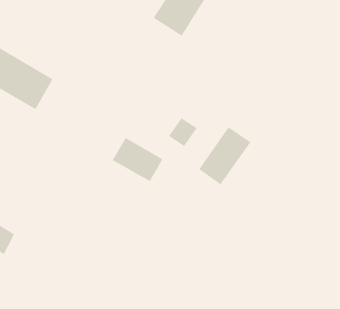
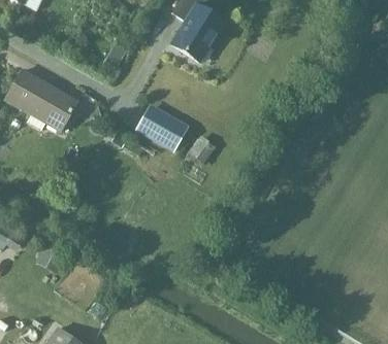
building: [199,127,251,185] -> none
building: [112,137,163,182] -> [138,107,187,149]

